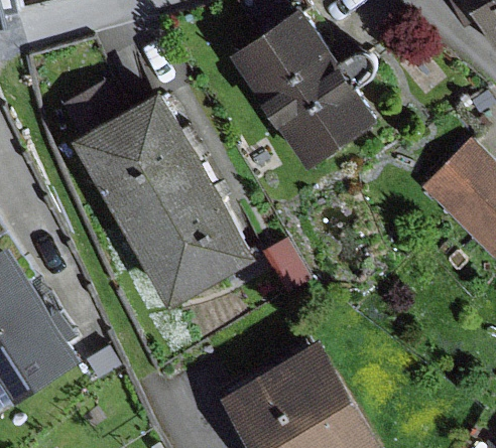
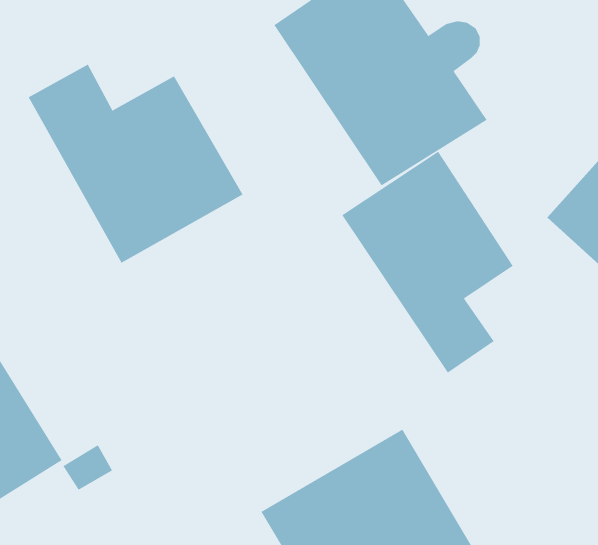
building: none -> [341,151,513,374]
building: [121,177,253,308] -> none

